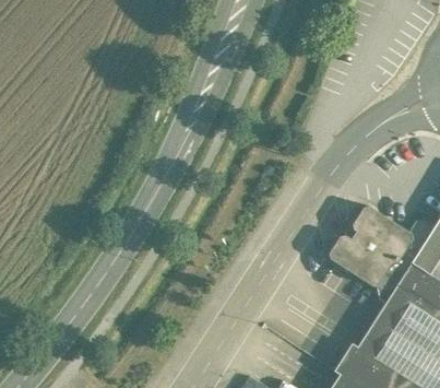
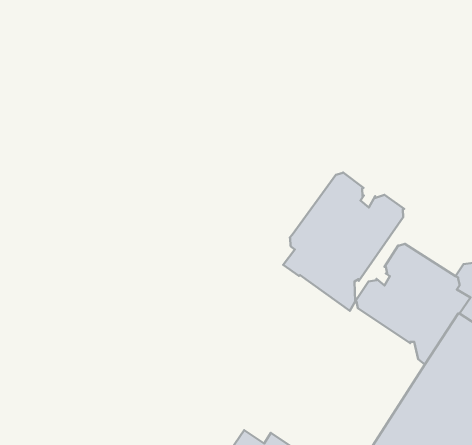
building: none -> [283,173,404,311]

